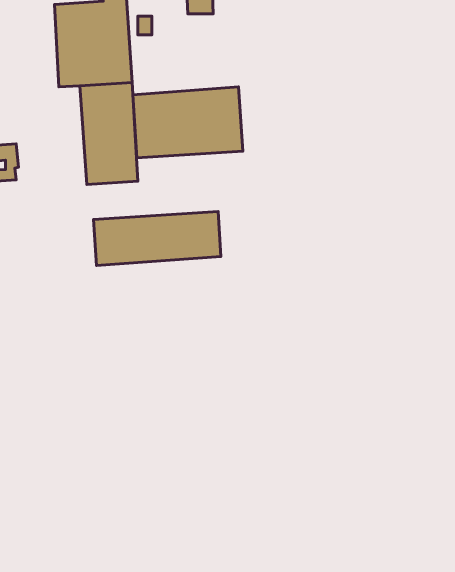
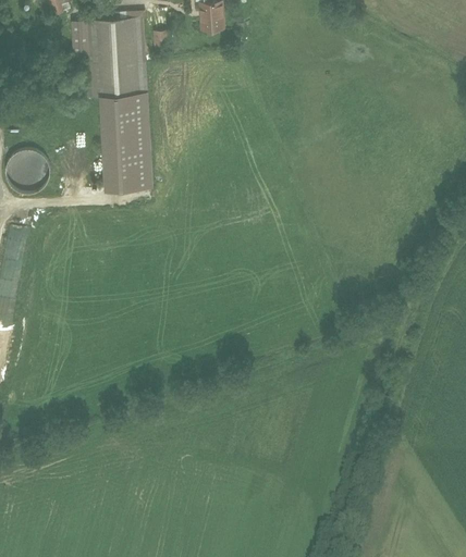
building: [133,87,243,158] -> none
building: [93,211,221,265] -> none

